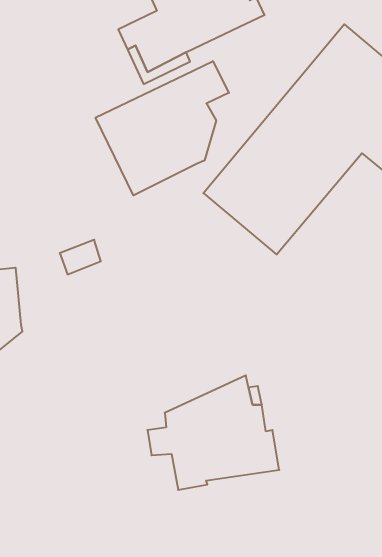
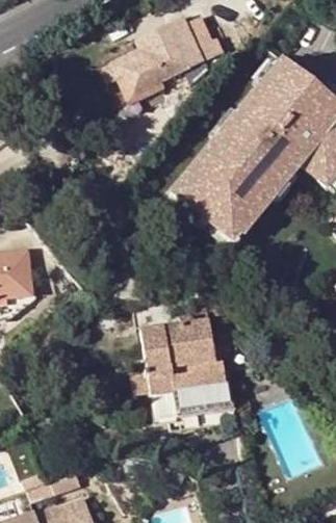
building: [96,61,229,195] -> none
building: none -> [138,309,208,361]

